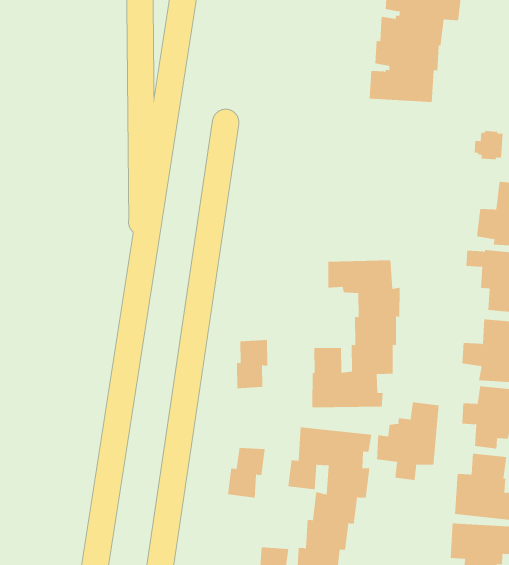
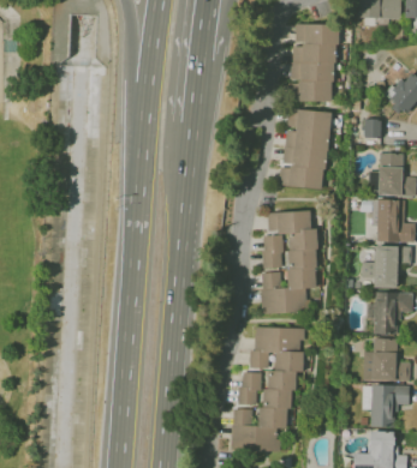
building: none -> [279,108,332,190]
building: [236,339,268,389] -> [262,234,284,269]
building: [376,401,439,481] -> none
building: [227,447,265,498] -> [237,372,261,406]

